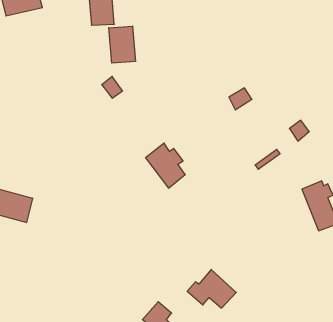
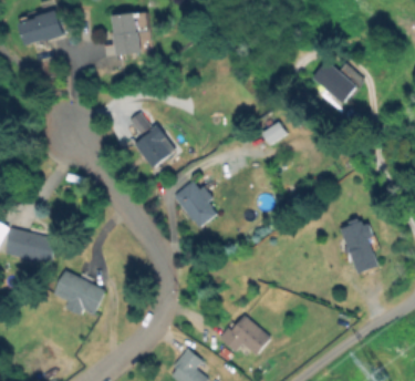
building: [109,26,135,63] -> none
building: none -> [312,61,364,104]
building: none -> [135,127,178,169]
building: none -> [53,269,106,318]

